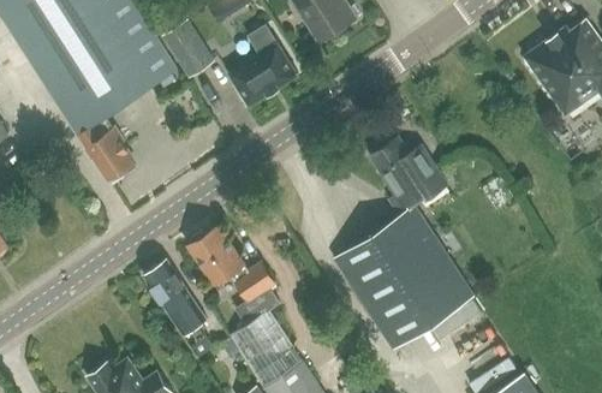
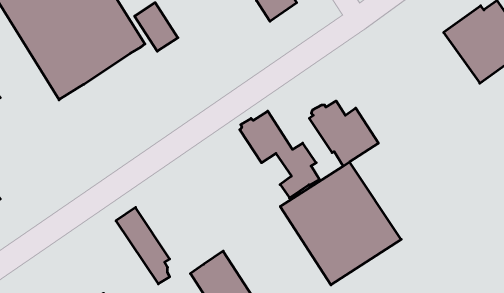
building: [230,25,299,108] -> none
building: [77,117,135,183] -> none
building: [186,225,279,326] -> [240,111,319,198]

